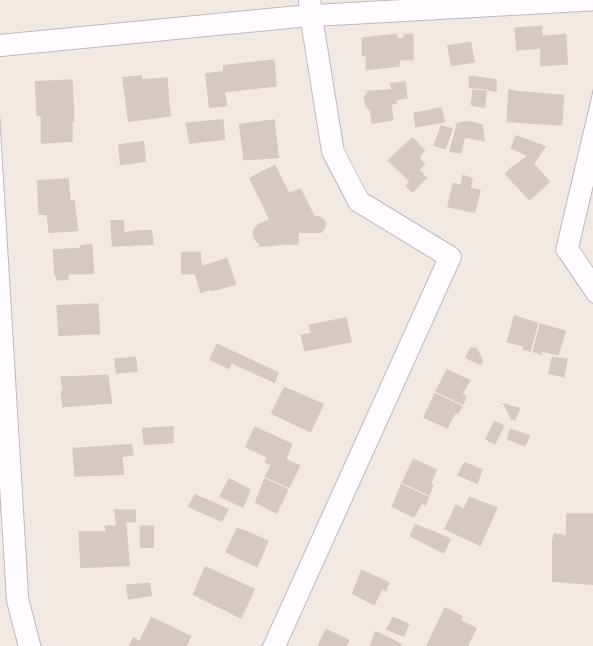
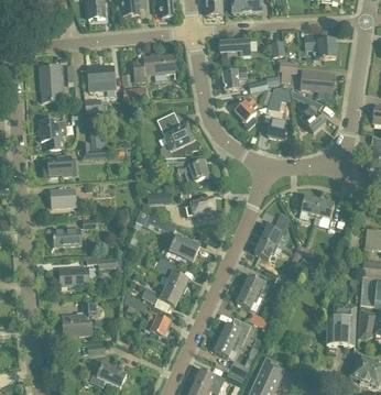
building: [238,119,279,161] -> none
building: [180,251,238,295] -> [176,157,208,182]
building: [443,496,499,547] -> [219,317,250,345]
building: [192,565,256,620] -> none

